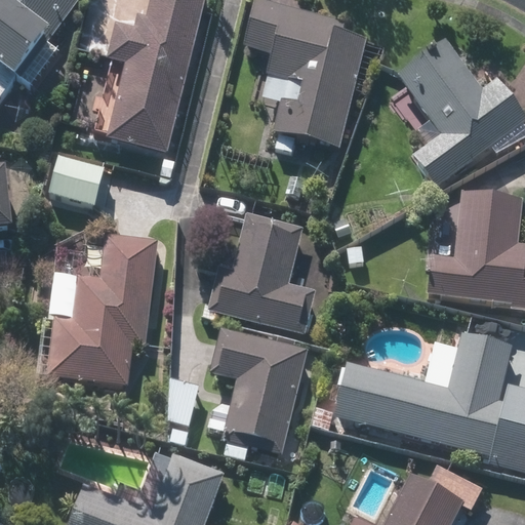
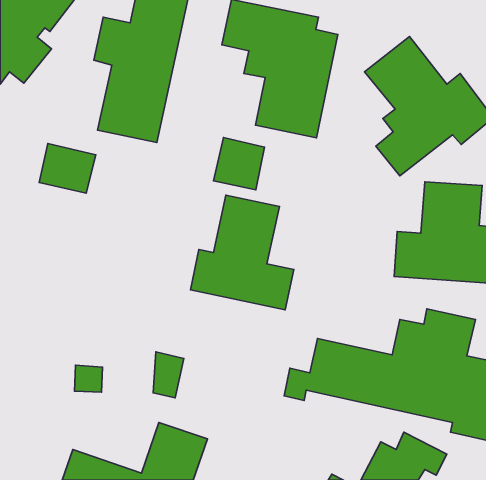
building: none -> [213,138,265,190]
building: [43,236,156,385] -> none
building: [209,327,308,453] -> none

